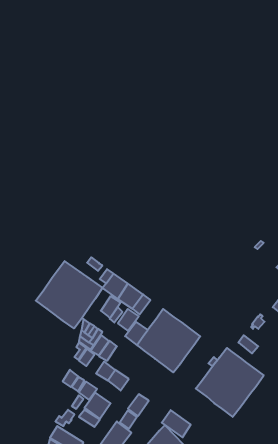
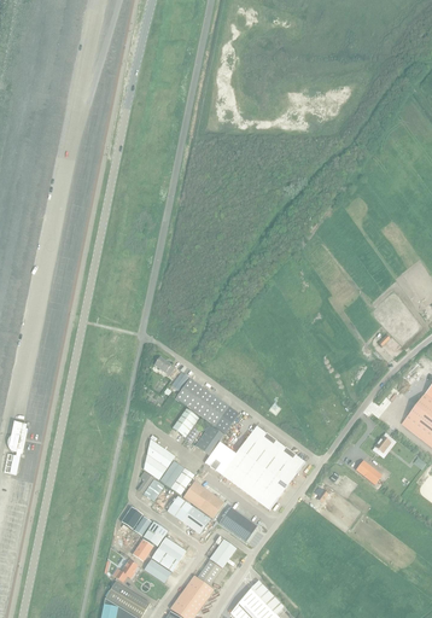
building: [36,261,103,328] -> none
building: [196,348,264,417] -> none
building: none -> [183,482,224,519]
building: [162,410,191,437] -> [218,507,257,543]

